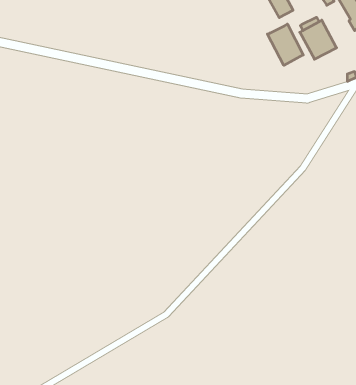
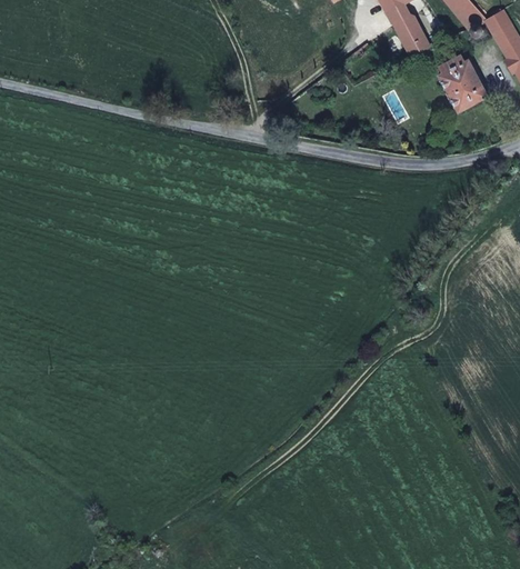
building: [267,24,303,65] -> none

